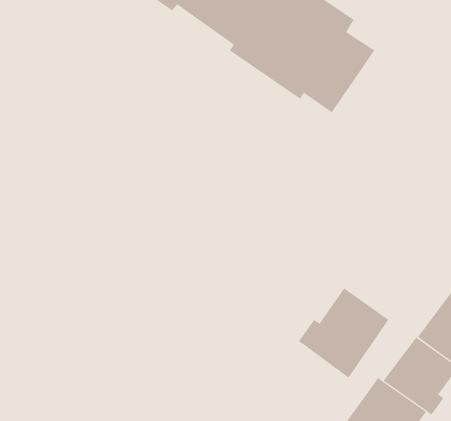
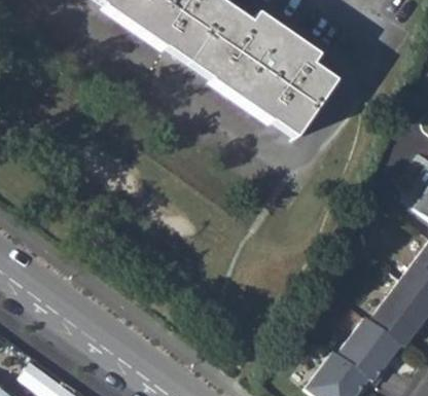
building: [298,287,389,378] -> none

